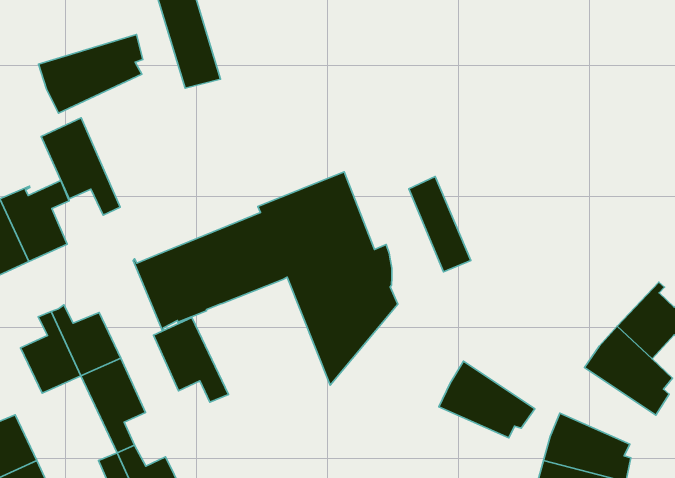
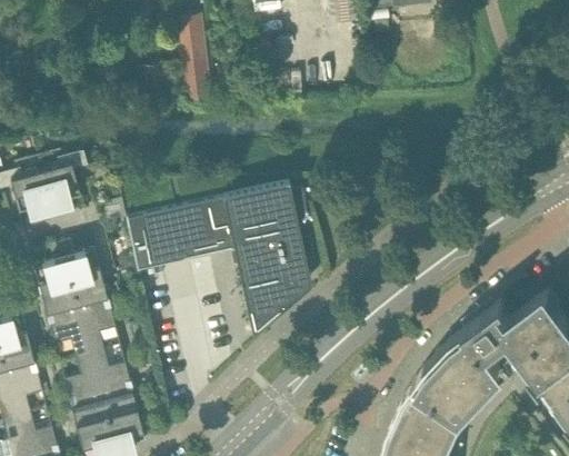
building: [39,34,143,113] -> none
building: [41,118,120,215] -> none
building: [409,176,471,272] -> none
building: [153,318,228,402] -> [44,298,91,361]
building: [439,361,535,438] -> [416,355,485,416]

